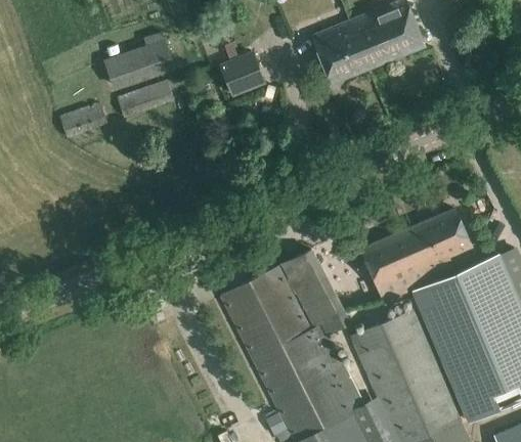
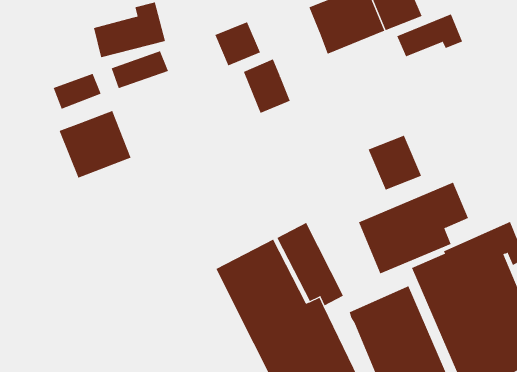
building: none -> [397,13,463,57]
building: none -> [243,59,291,114]
building: none -> [59,110,132,178]
building: none -> [368,135,422,191]

